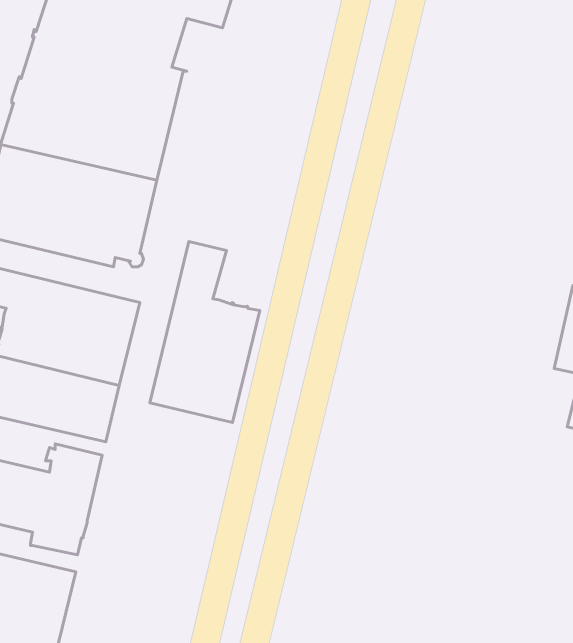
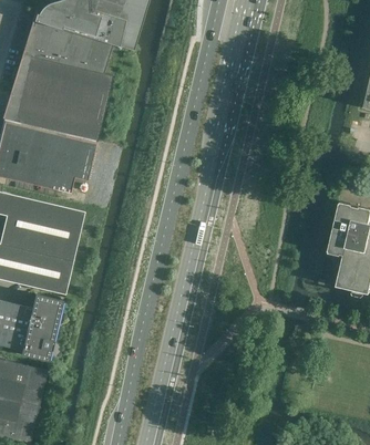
building: [150,242,260,422] -> none

